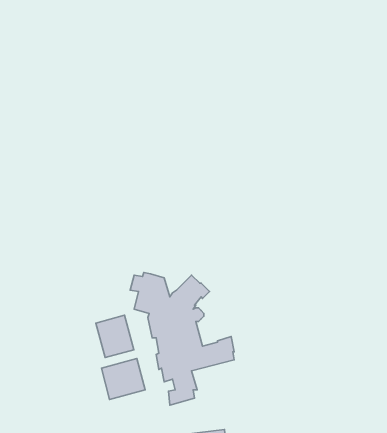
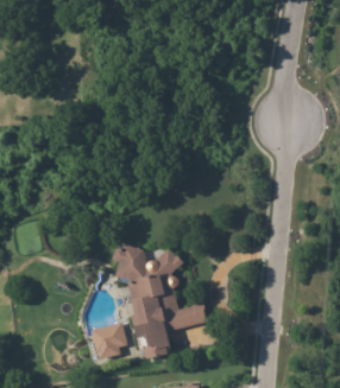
building: [96,315,134,357] -> none

